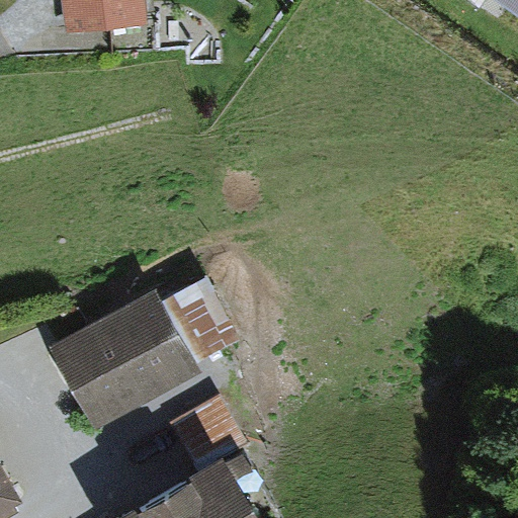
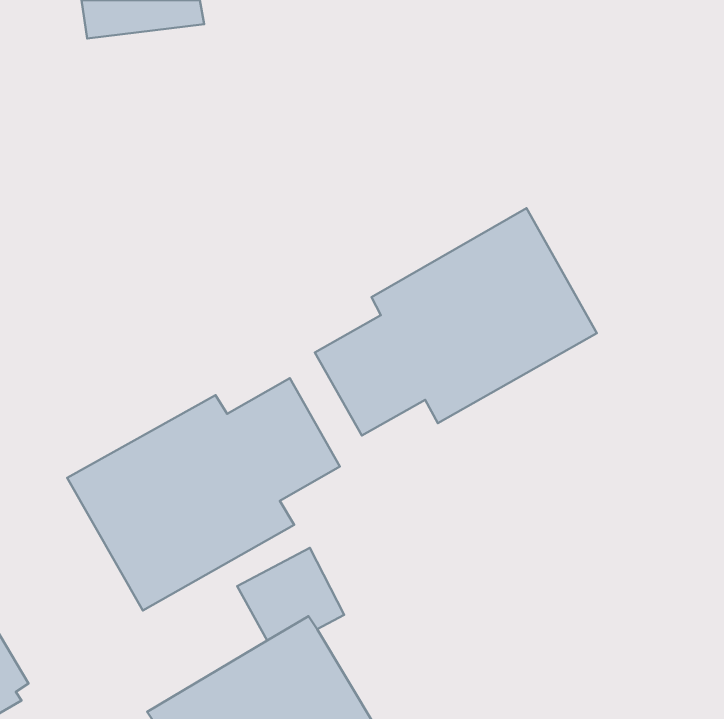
building: none -> [315,208,597,435]

